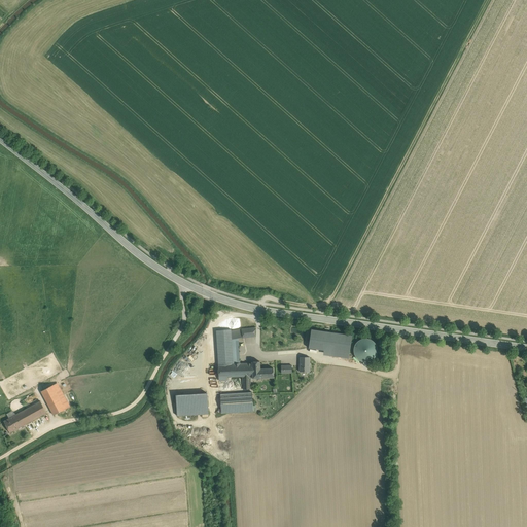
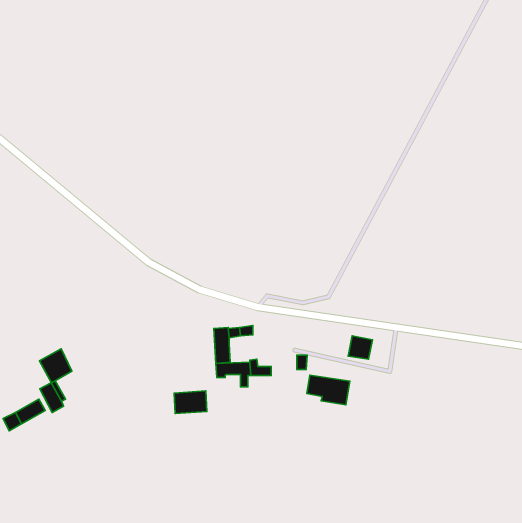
building: [308,329,351,359] -> [307,375,350,405]
building: none -> [39,349,72,383]
building: [219,392,252,413] -> none

